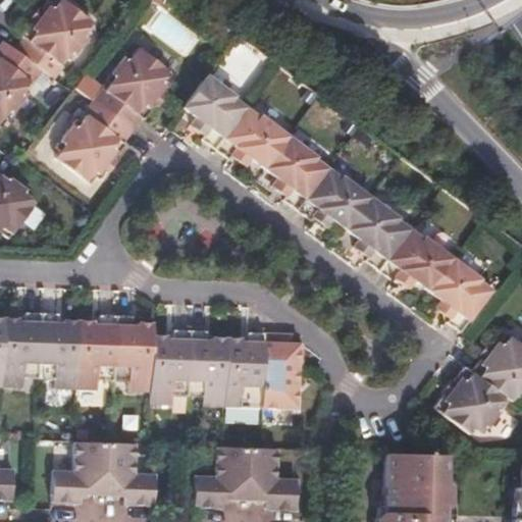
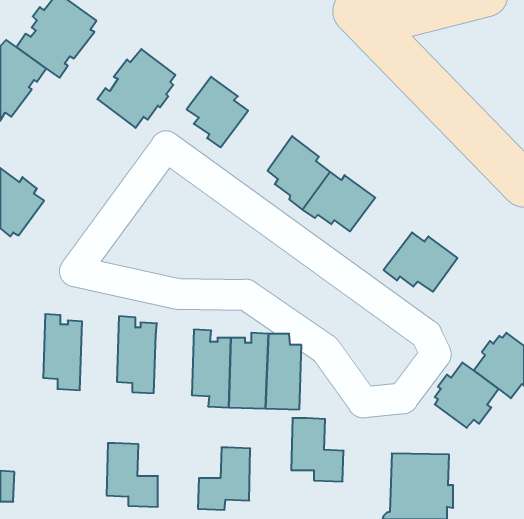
building: [57,99,135,184] -> none
building: [219,110,291,170] -> none
building: [348,197,410,269] -> none
building: [430,257,488,327] -> none
building: [5,313,45,386] -> none
building: [80,315,118,389] -> none
building: [153,328,193,403] -> none
building: [55,440,107,502] -> none
building: [248,447,300,510] -> [291,418,344,481]

